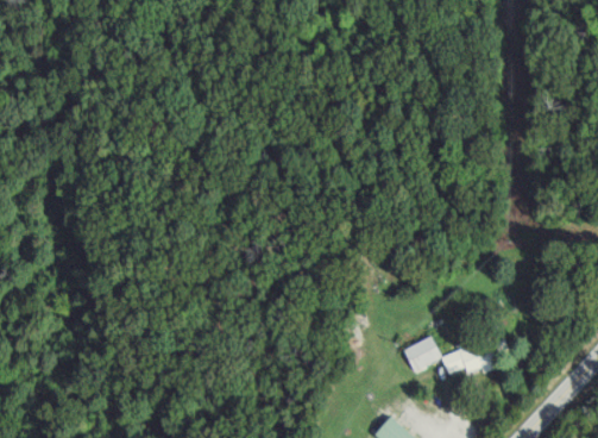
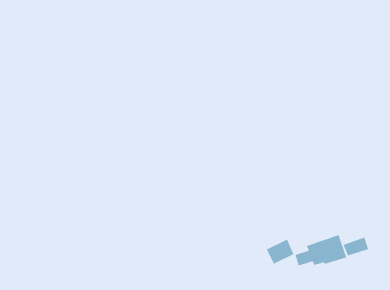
building: none -> [343,237,369,257]

